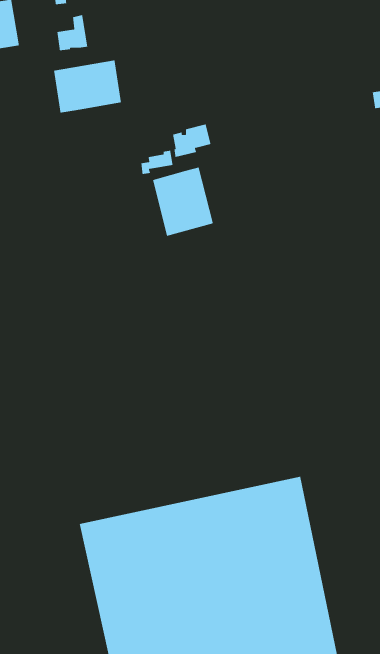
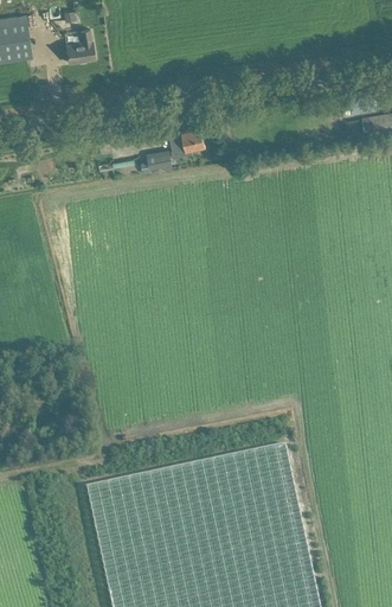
building: [53,60,122,113] -> none
building: [152,166,214,237] -> none

